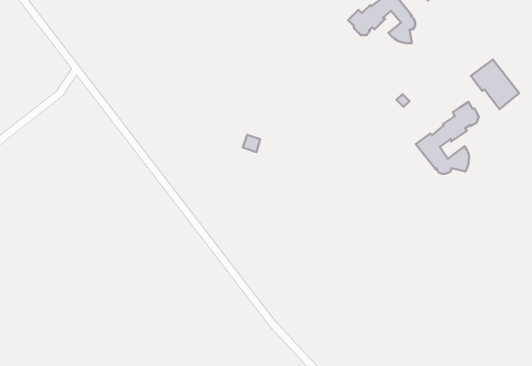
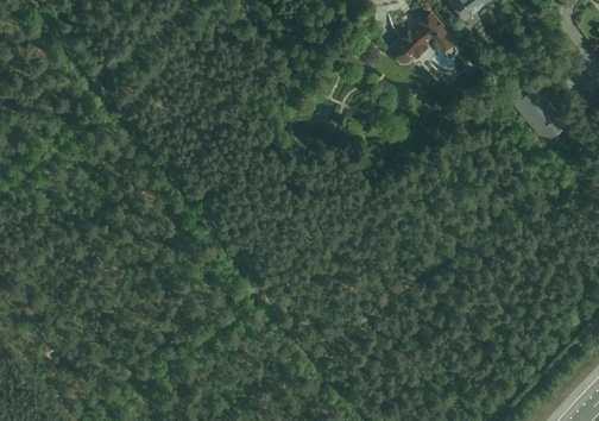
building: [416,102,479,174] -> none

